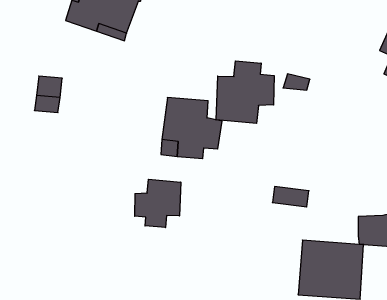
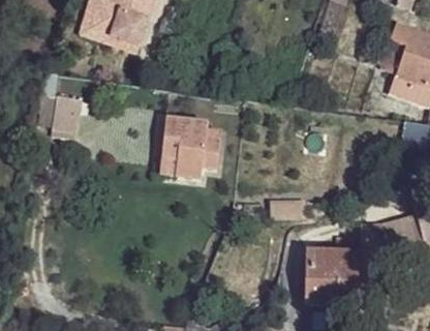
building: [216,61,274,123] -> none
building: [135,179,181,228] -> none

